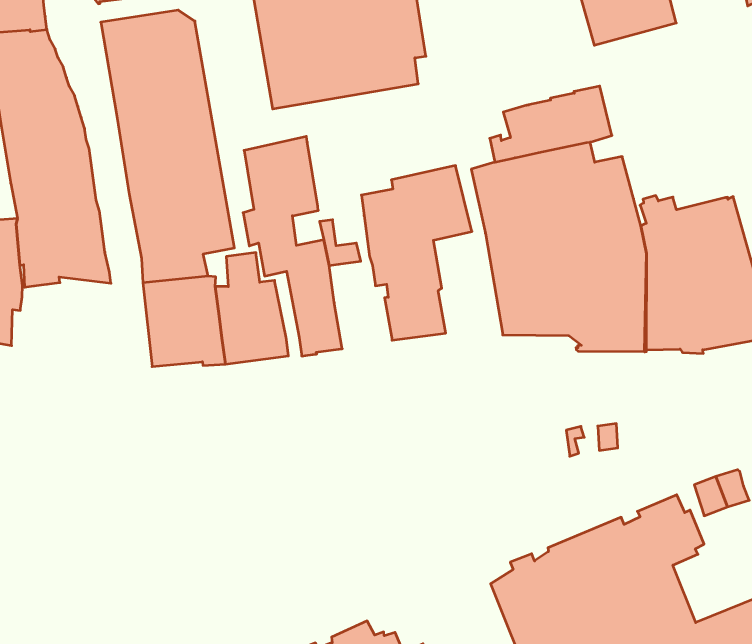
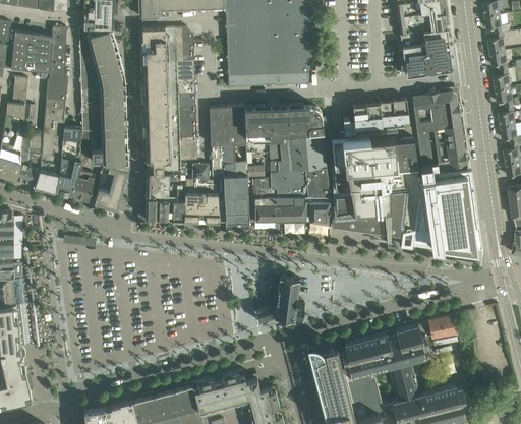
building: none -> [412,93,466,172]
building: none -> [244,107,323,142]
building: none -> [304,169,330,234]
building: none -> [253,180,277,223]
building: none -> [94,164,128,210]
building: none -> [70,172,95,202]
building: none -> [254,277,304,322]

